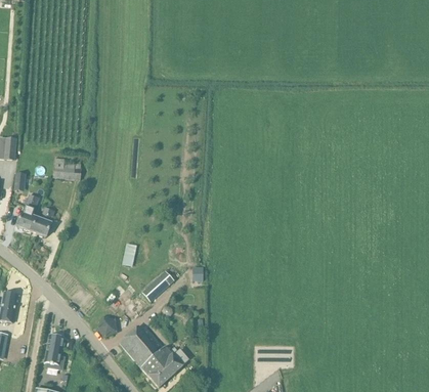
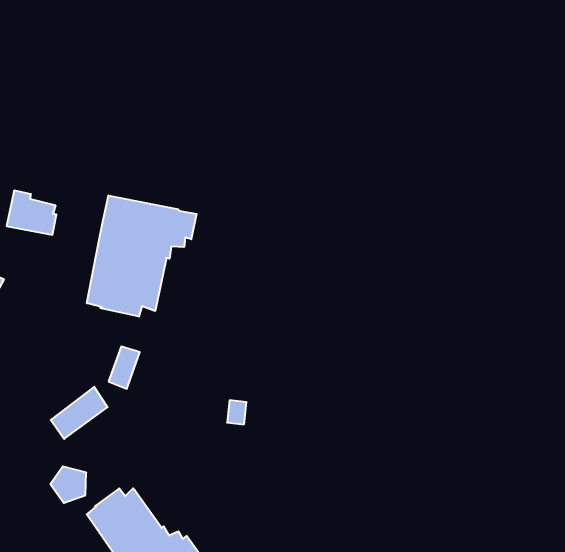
building: none -> [87,195,197,317]
building: [141,269,174,302] -> [51,387,108,439]

